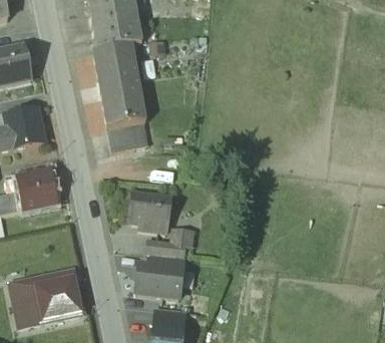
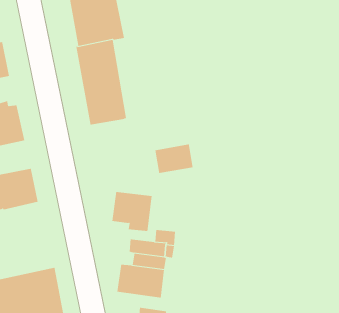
building: [109,121,147,150] -> [155,144,193,174]

